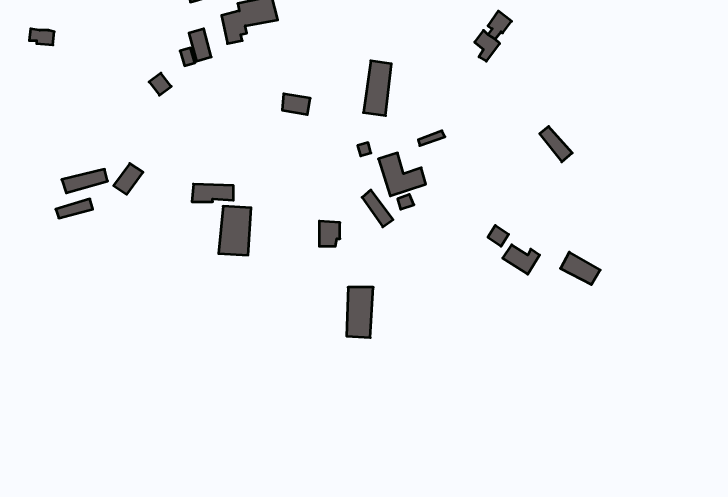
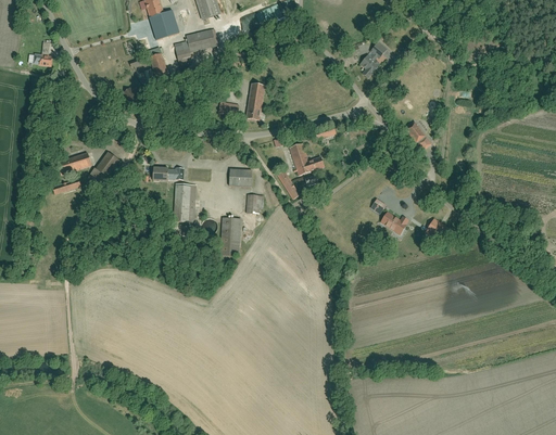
building: [363,61,391,116] -> [245,81,266,121]
building: none -> [229,168,253,185]
building: [347,287,373,338] -> [220,217,240,254]

